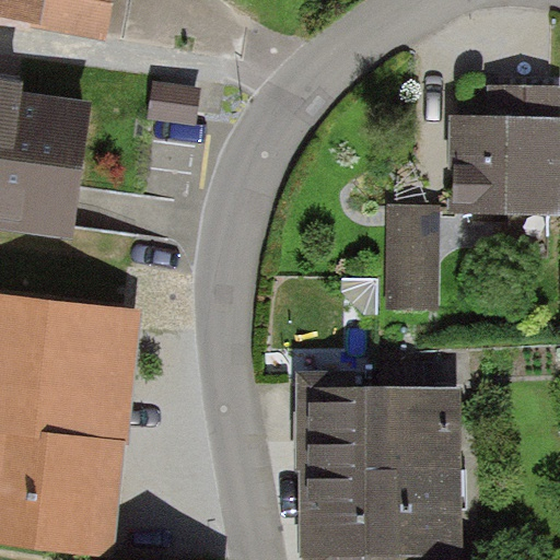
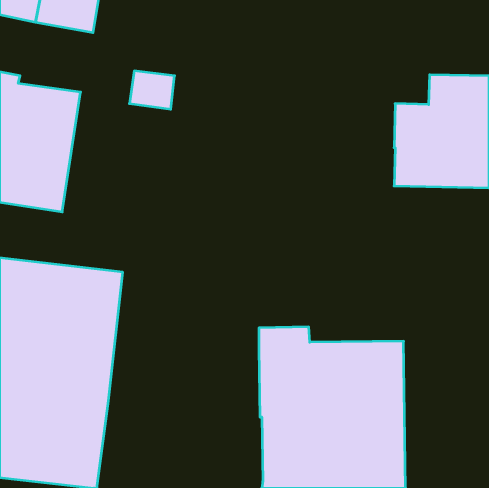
building: [386,205,440,307] -> none

